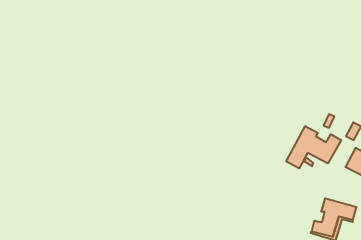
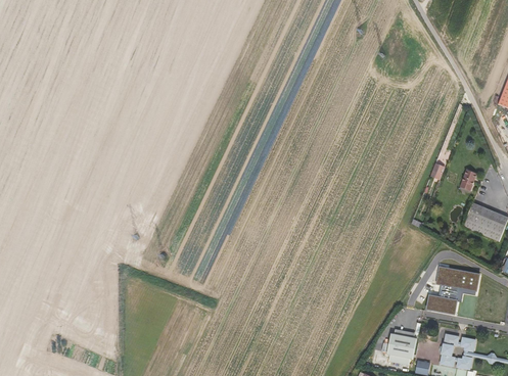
building: [286,126,341,168] -> none

